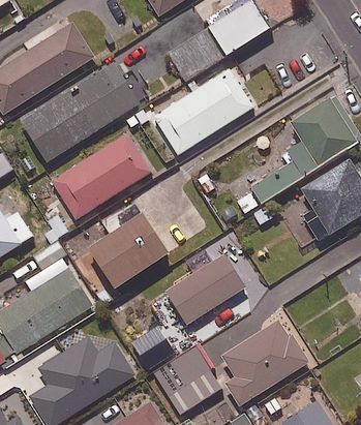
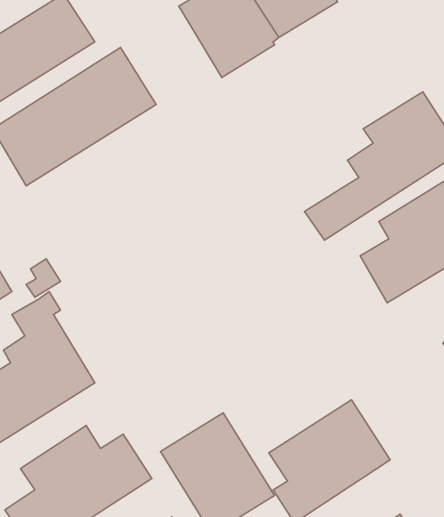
building: [153,69,252,155] -> none
building: [51,132,151,220] -> none
building: [85,202,167,289] -> none
building: [163,254,245,325] -> none

